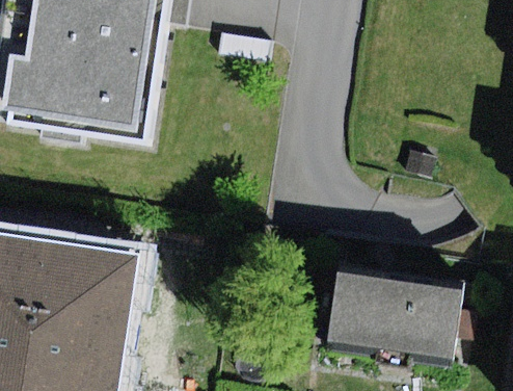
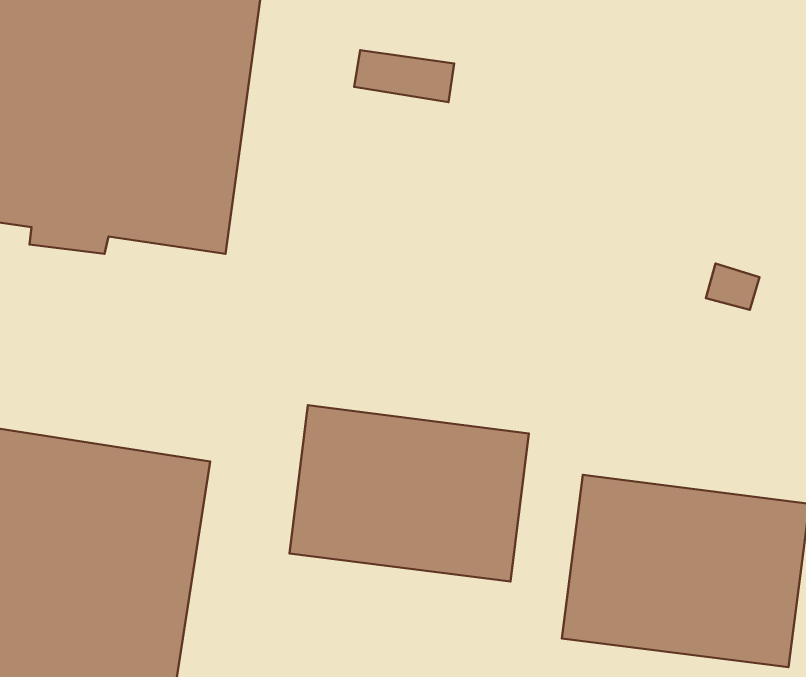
building: none -> [290,405,529,582]

